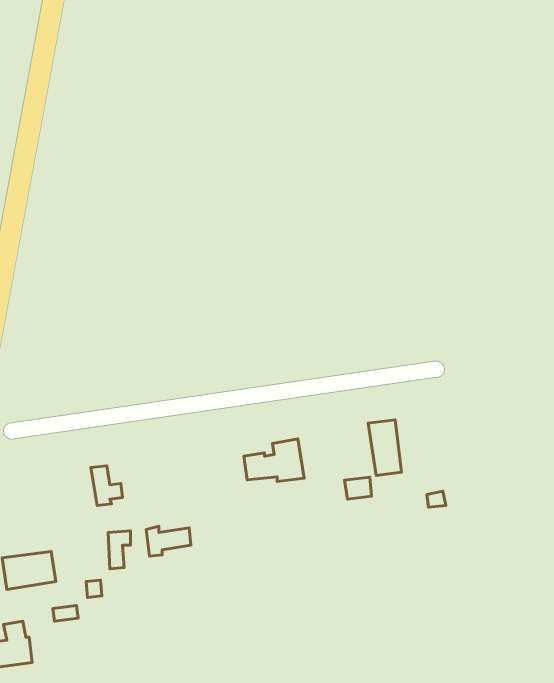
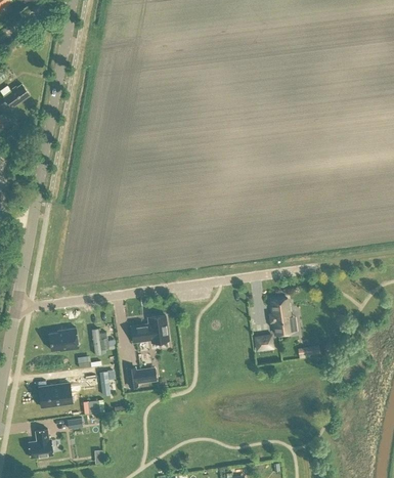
building: [244,439,304,481] -> [130,314,169,342]
building: none -> [48,327,79,350]

